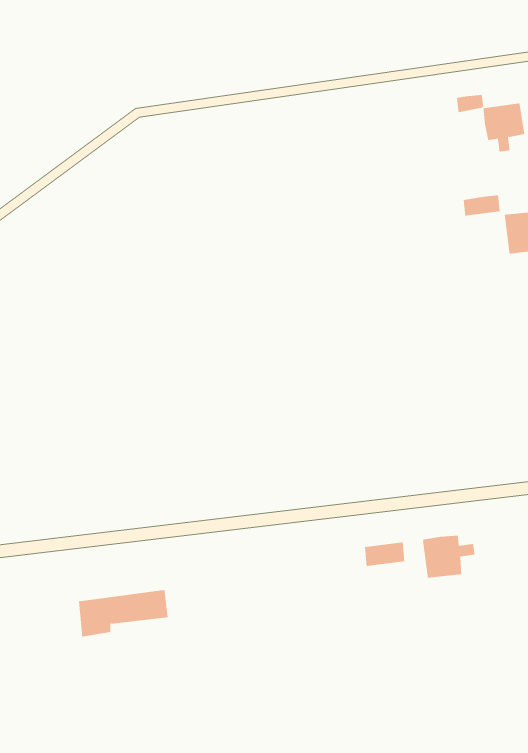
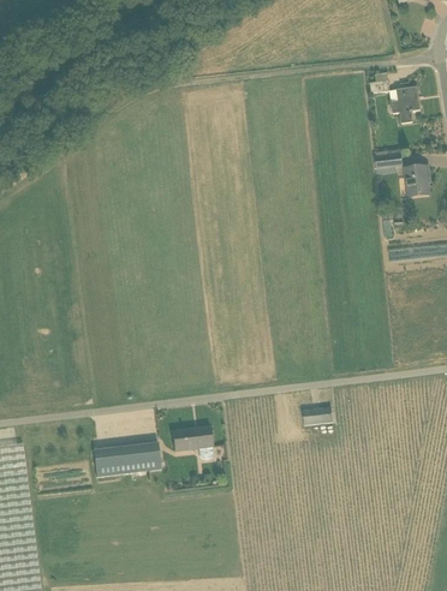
building: [422,535,475,578] -> none
building: none -> [173,426,213,458]

